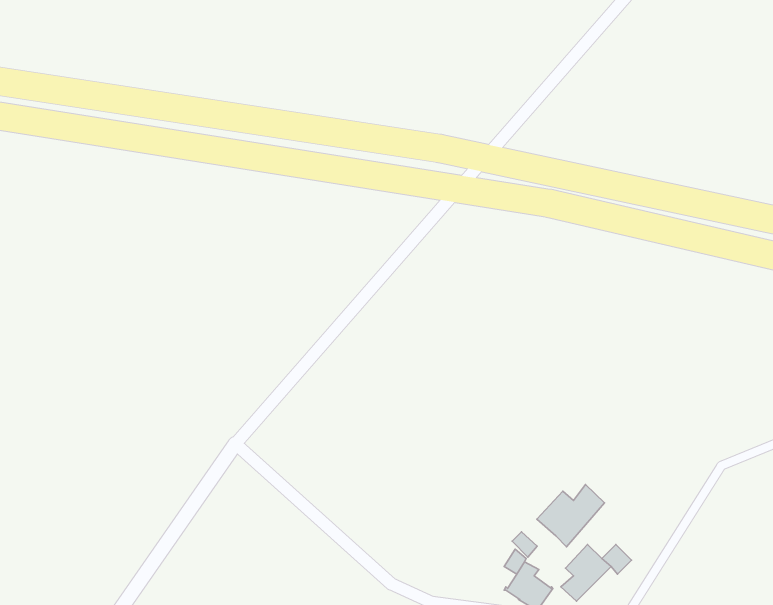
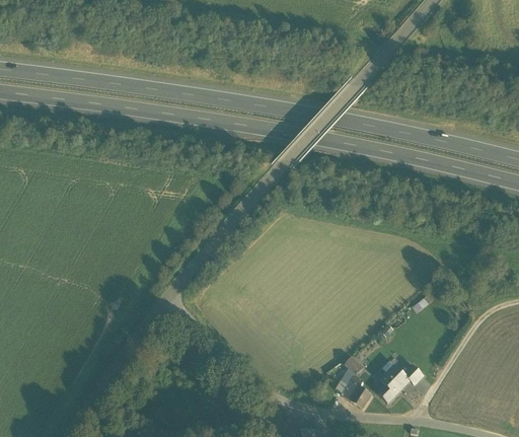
building: [537,485,604,547] -> none

